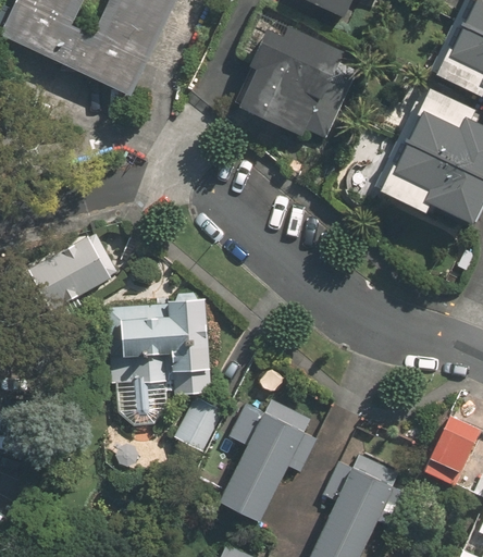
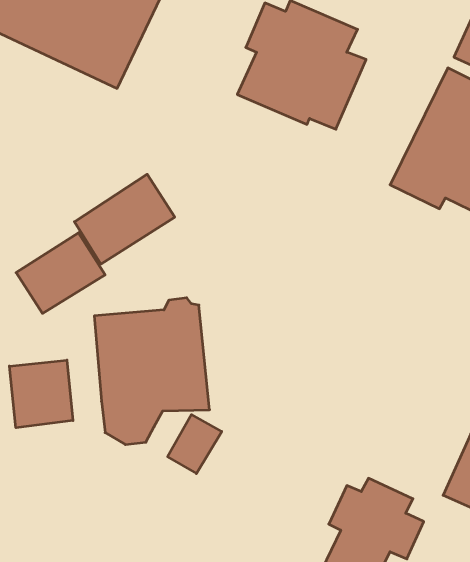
building: none -> [74,174,175,264]
building: none -> [9,360,73,428]
building: [216,398,318,518] -> none

